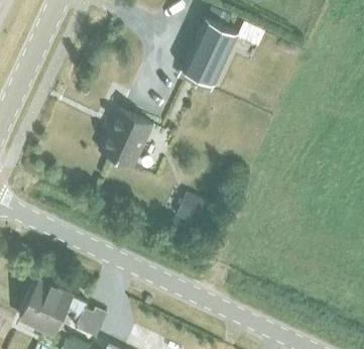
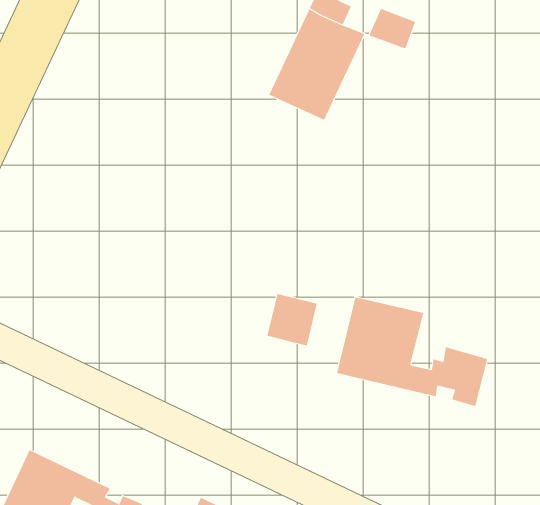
building: [98,112,152,167] -> none
building: none -> [336,296,488,407]

